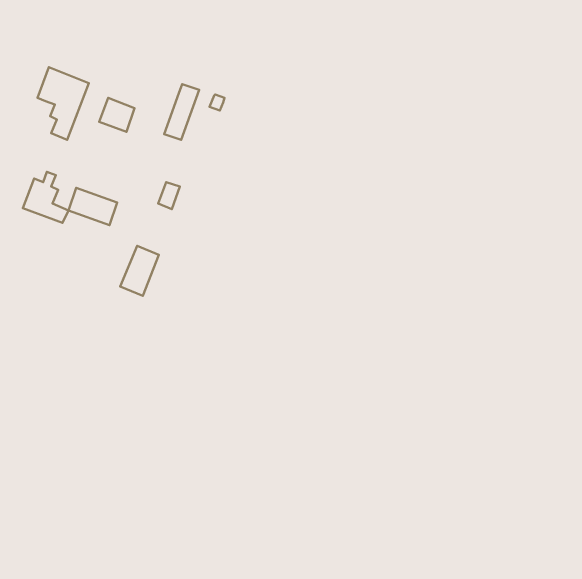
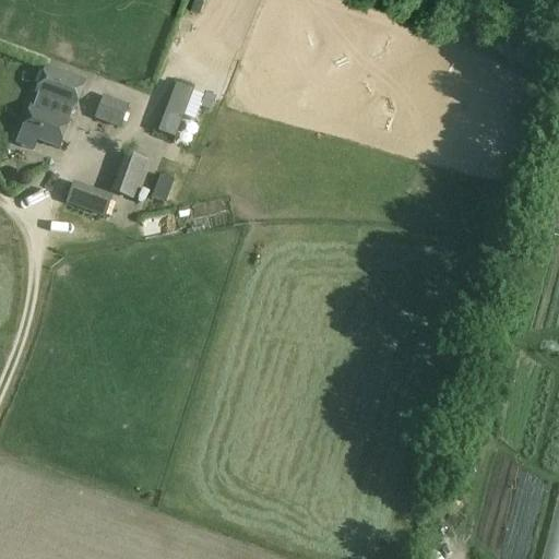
building: [23,172,68,223] -> [21,97,64,146]
building: [120,246,159,296] -> [110,152,147,200]

